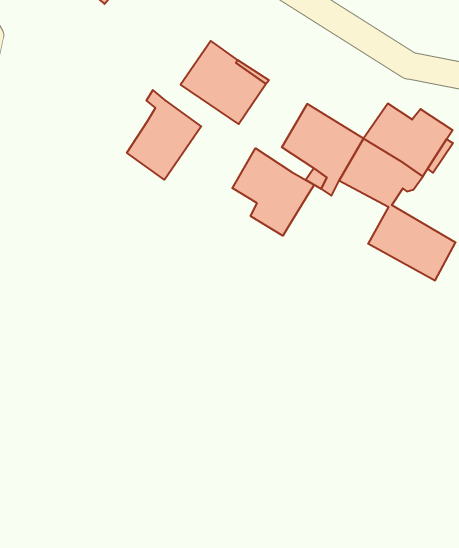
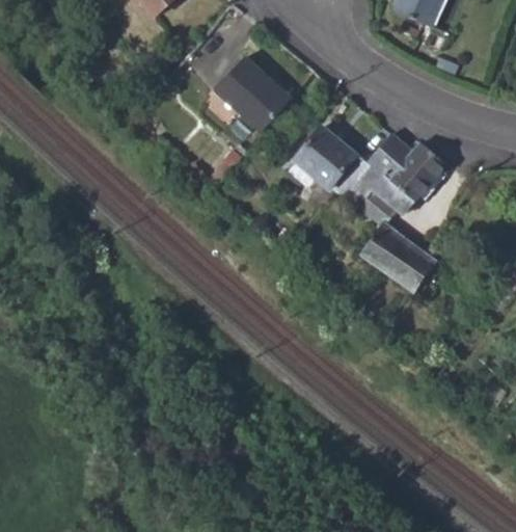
building: [127,90,201,180] -> none
building: [232,148,314,236] -> none

